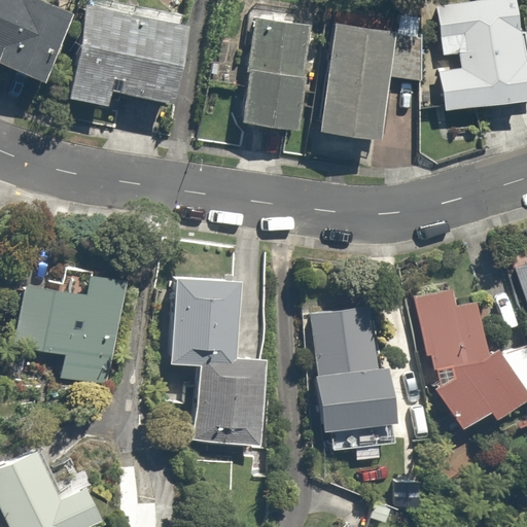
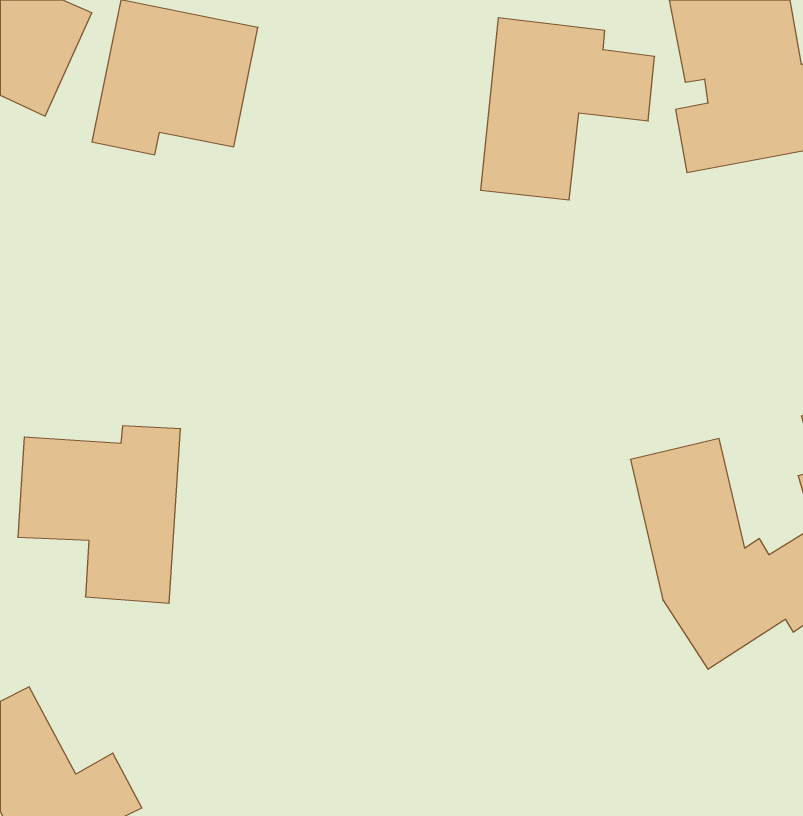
building: [242,20,310,126] -> none
building: [169,276,258,447] -> none
building: [313,304,393,453] -> none

